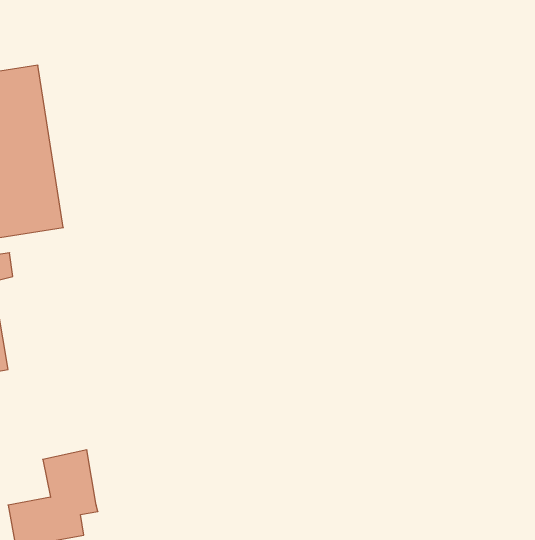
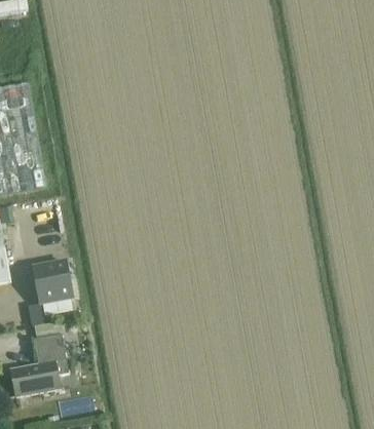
building: none -> [31,260,72,305]

